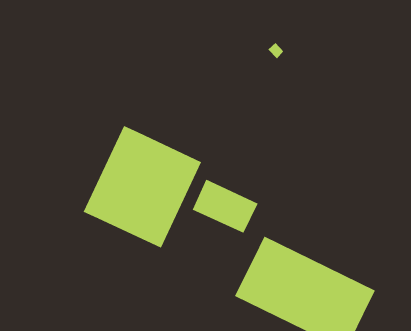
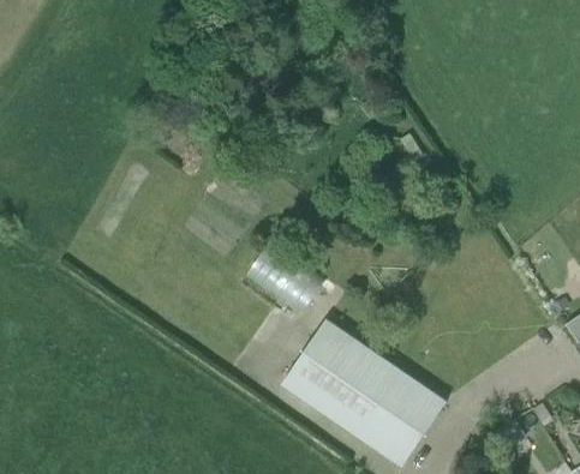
building: [83,125,202,249] -> none

